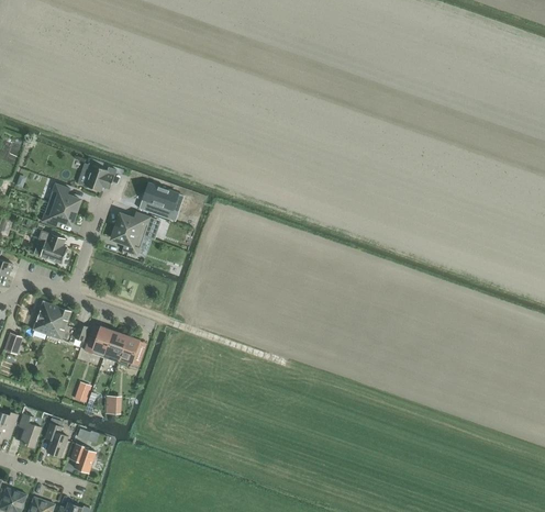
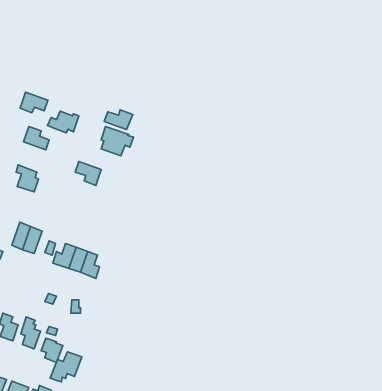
building: [41,201,75,226] -> [20,92,48,113]
building: [115,211,151,235] -> [104,110,133,130]
building: none -> [50,352,82,382]

